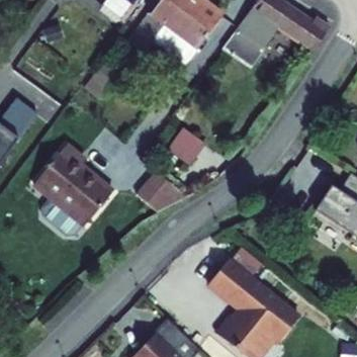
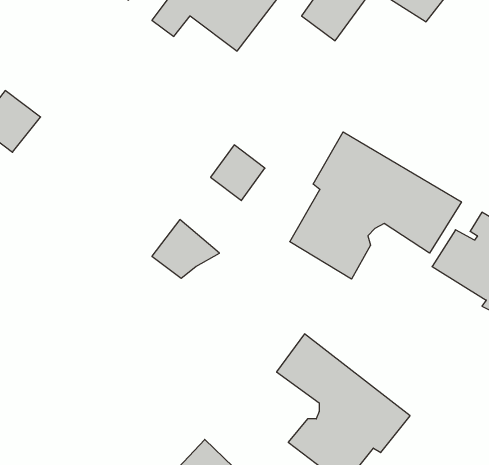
building: none -> [290,132,461,279]
building: [28,146,110,232] -> none

